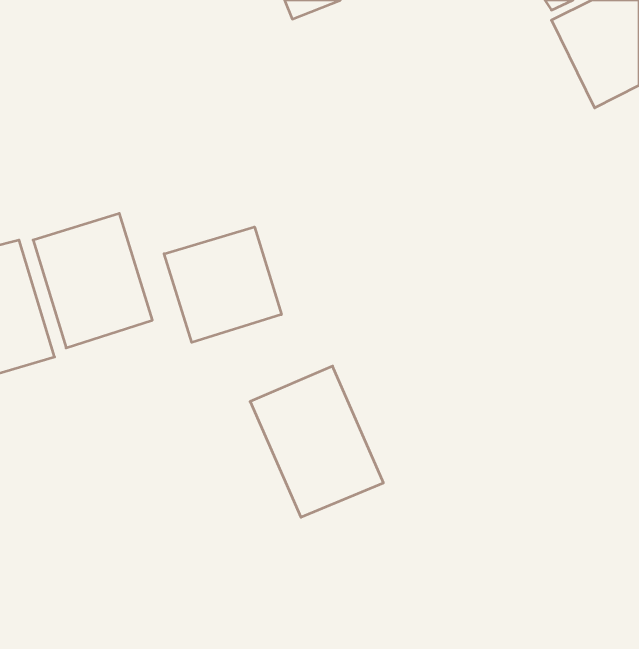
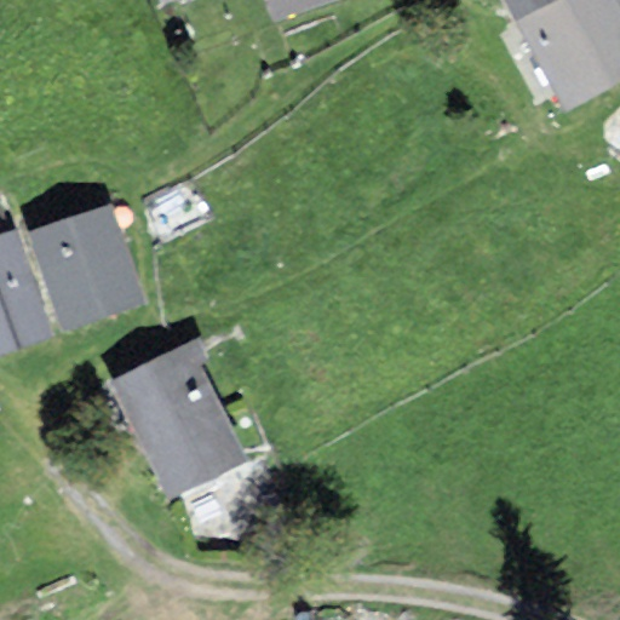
building: [164,227,281,342] -> none
building: [250,366,383,517] -> [113,346,240,490]

